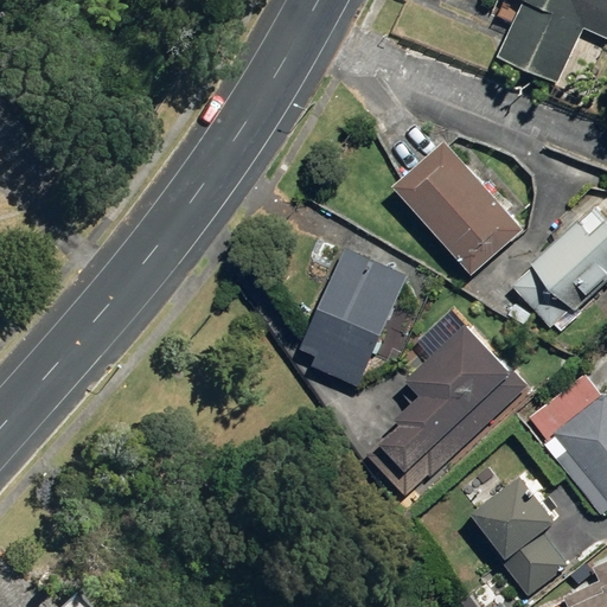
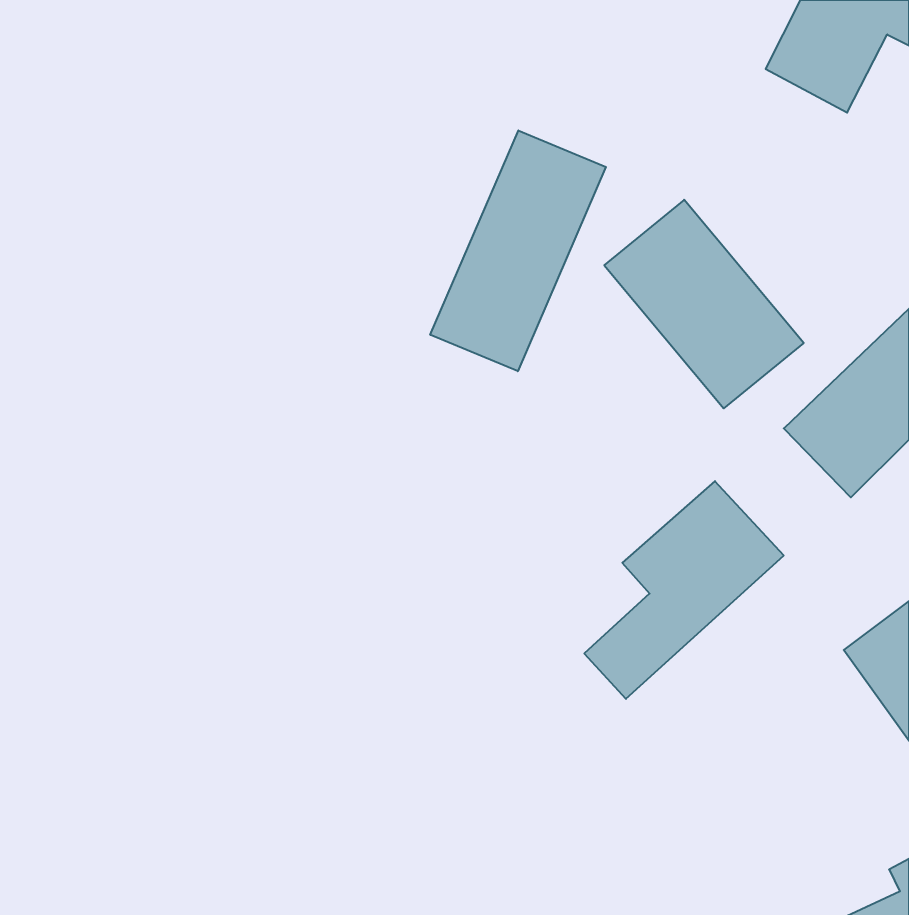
building: none -> [430,130,606,371]
building: [298,251,403,388] -> none
building: [466,474,564,598] -> none

